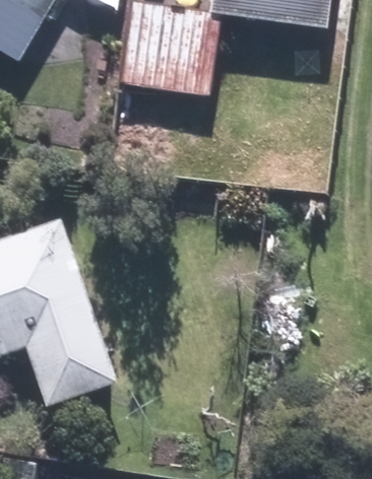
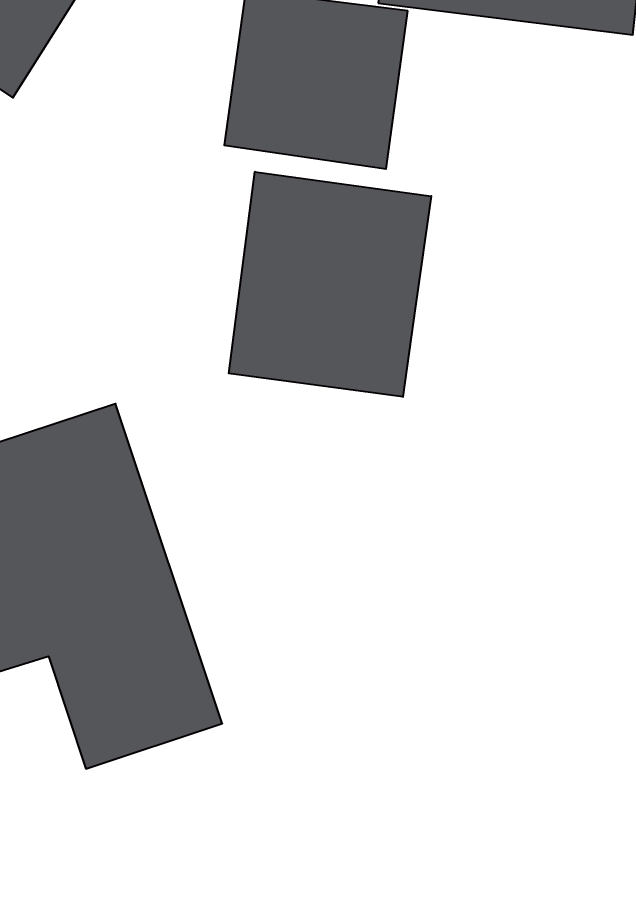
building: none -> [229,172,431,397]

